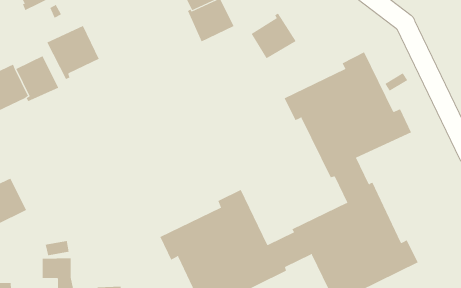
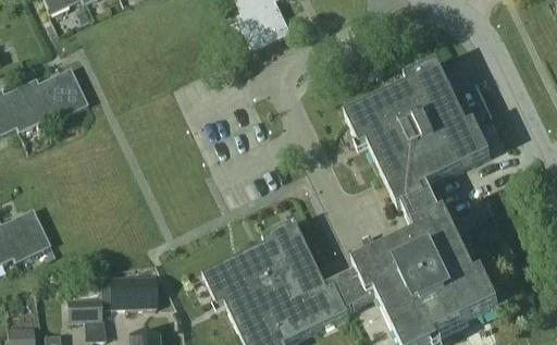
building: [251,13,297,59] -> none
building: [47,25,100,80] -> none
building: none -> [109,274,158,308]

